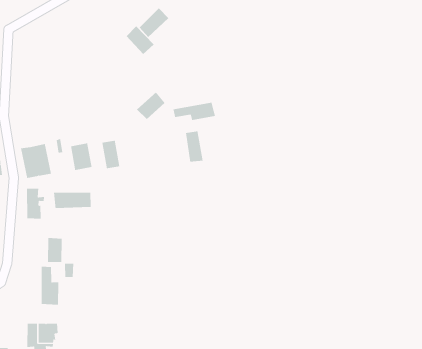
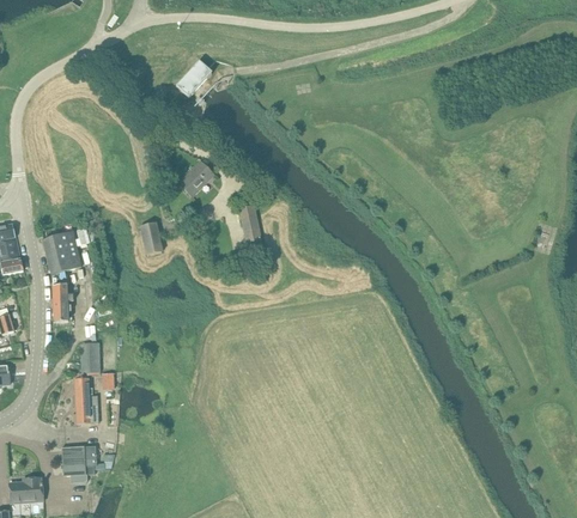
building: [126,25,154,55] -> none
building: [173,102,216,121] -> none
building: [70,142,92,171] -> none
building: [54,192,91,209] -> none

